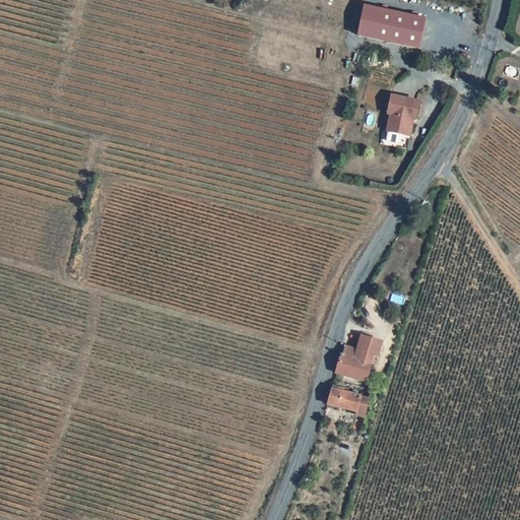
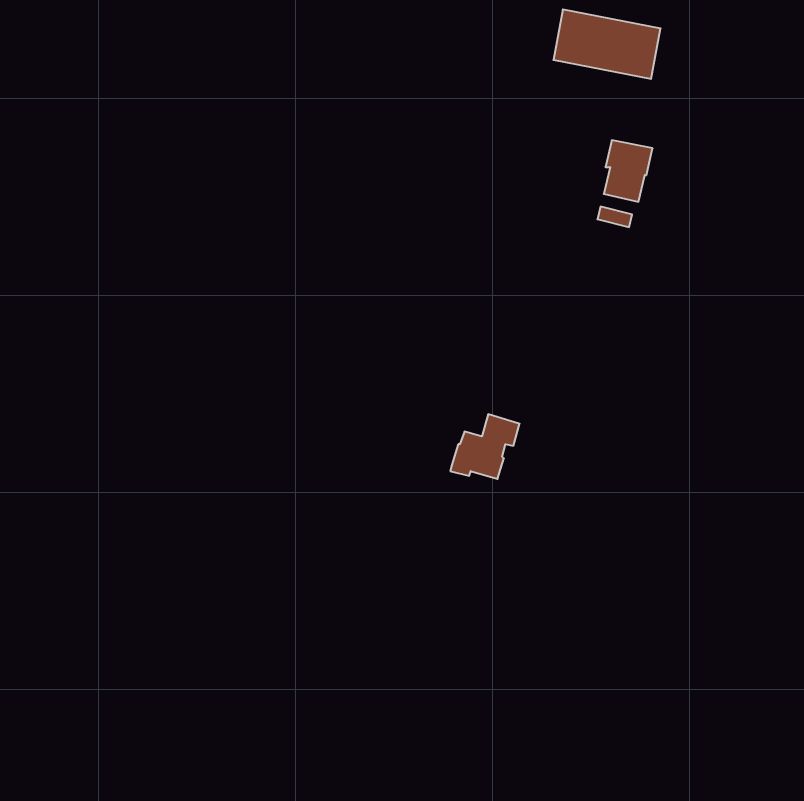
building: [334,331,379,373] -> [450,414,520,479]
building: [326,381,366,412] -> none

